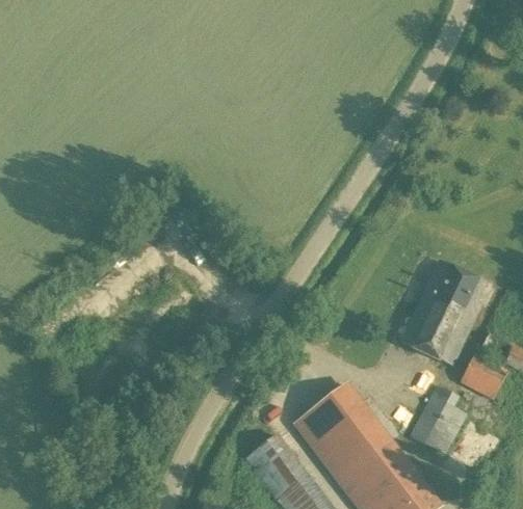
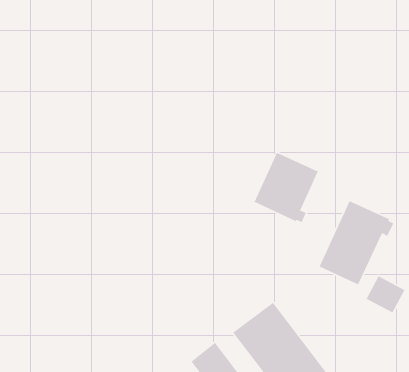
building: none -> [253,152,319,223]
building: [409,386,466,455] -> none

